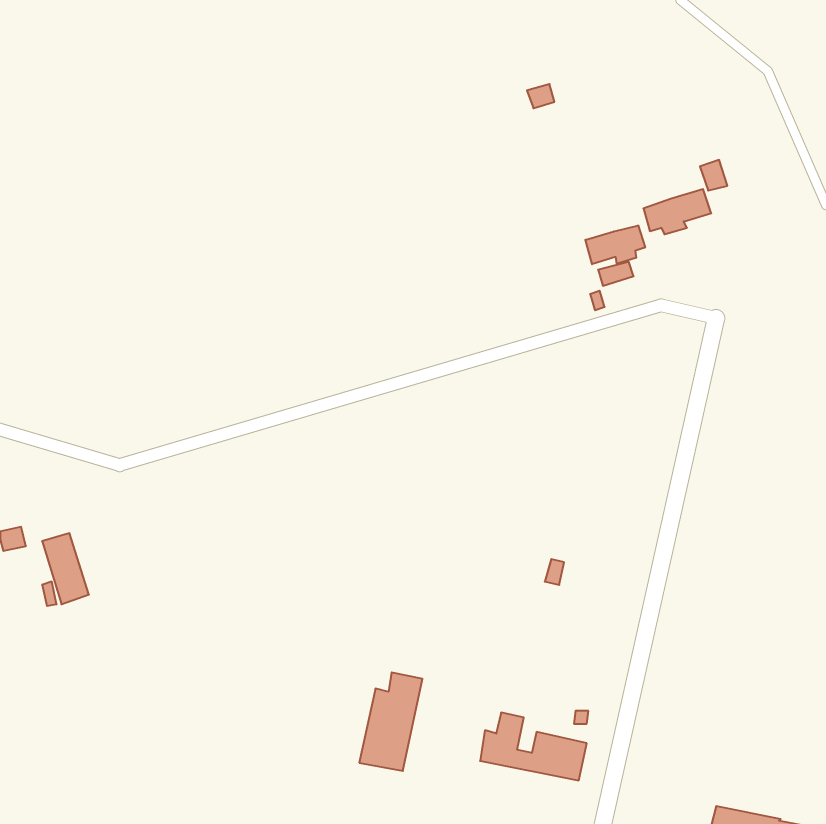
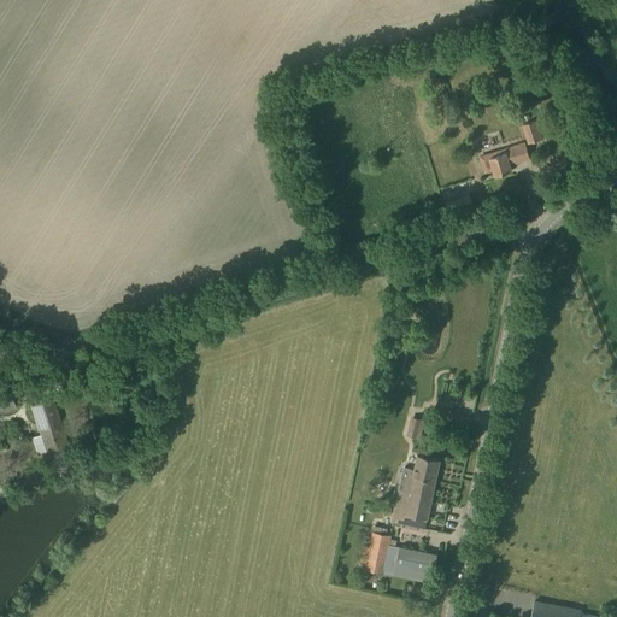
building: [585,225,645,264] -> none
building: [359,672,422,771] -> [393,456,440,529]

